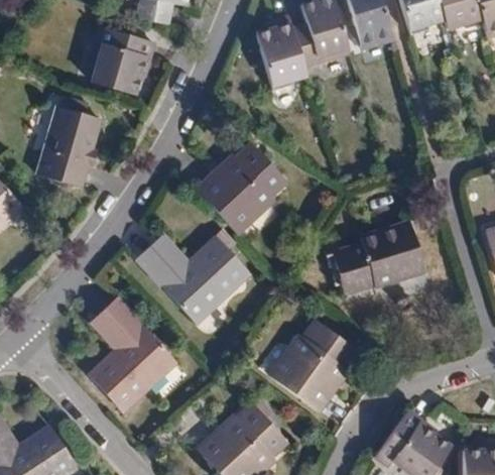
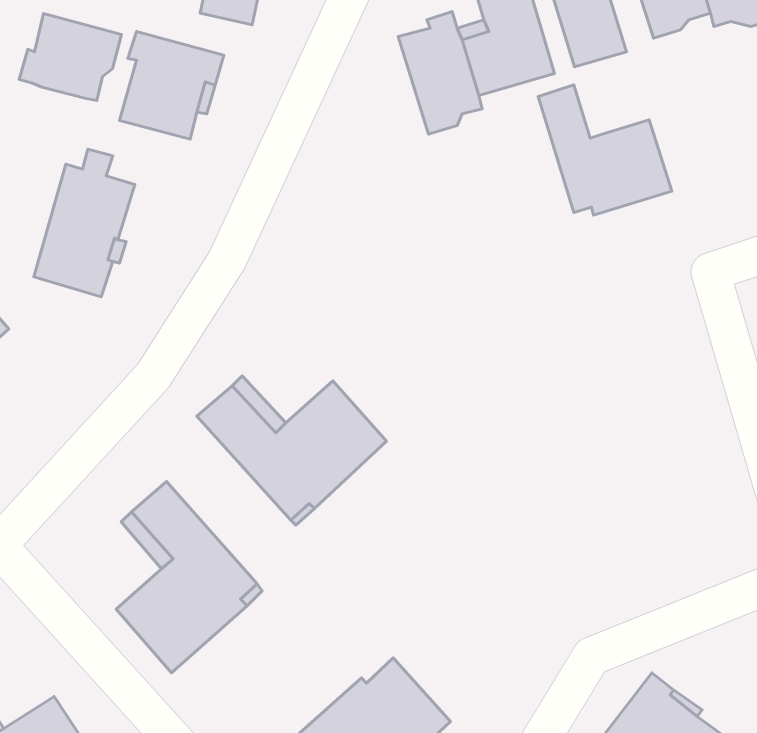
building: none -> [19,14,121,101]
building: none -> [538,85,672,215]
building: [195,144,287,234] -> none
building: [324,222,426,290] -> none
building: [270,322,357,412] -> none

